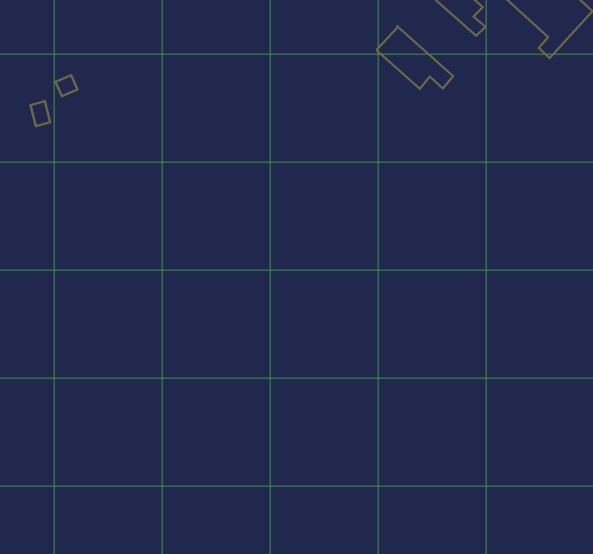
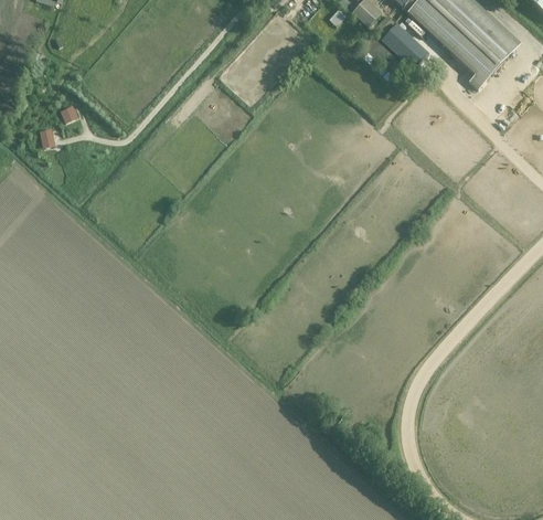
building: [377,26,453,89] -> none

